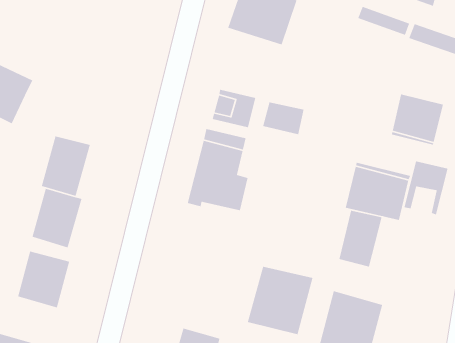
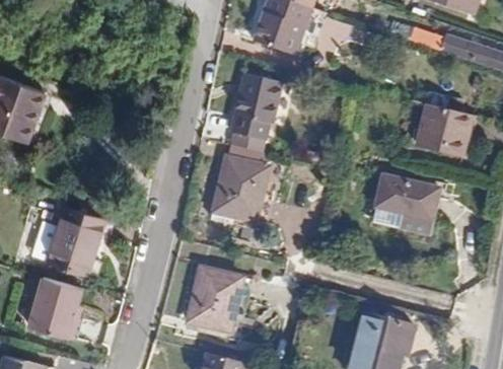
building: [262,102,304,135] -> [241,73,286,108]
building: [41,135,91,197] -> none
building: [404,161,449,216] -> none
building: [338,210,382,268] -> none
building: [247,266,313,335] -> [179,266,249,339]

